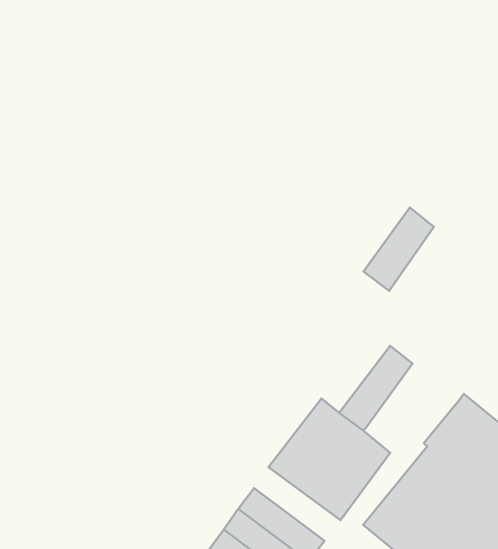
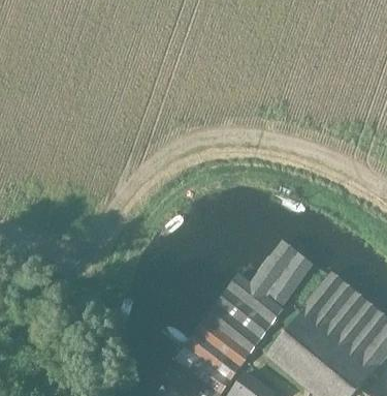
building: [363,208,434,291] -> [268,250,314,304]
building: none -> [196,317,252,365]

